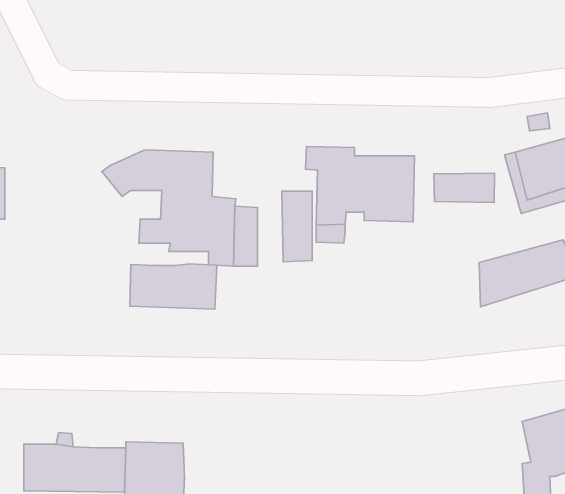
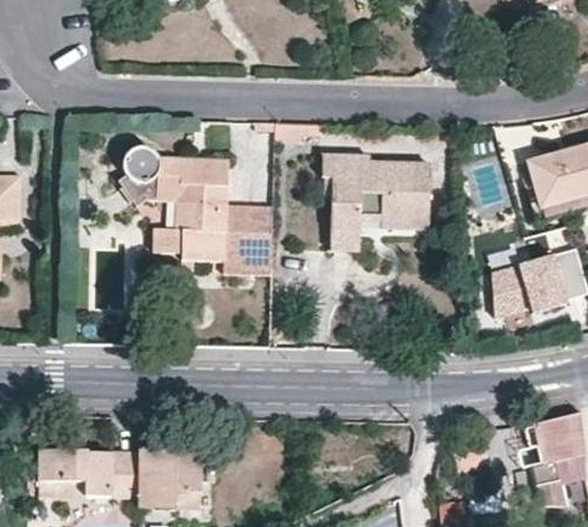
building: [434,173,495,203] -> none
building: [282,191,312,262] -> none
building: [130,264,217,309] -> none

